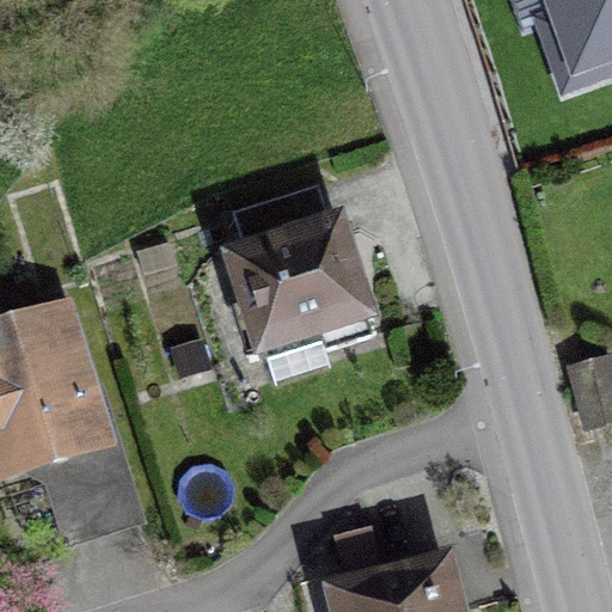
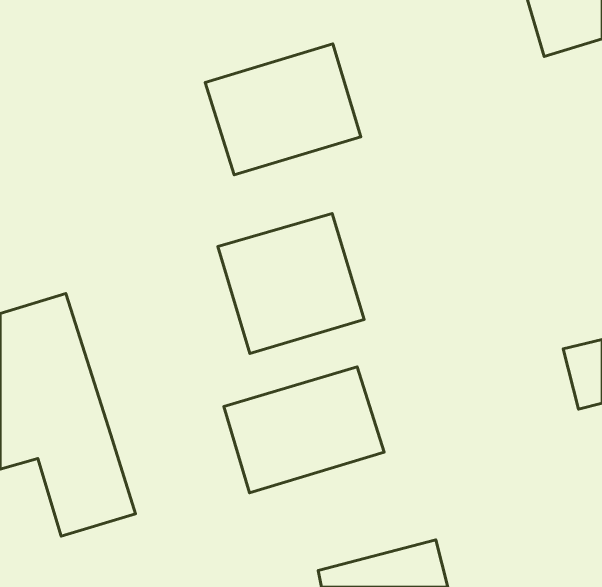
building: none -> [205,44,361,175]
building: none -> [224,367,384,493]

